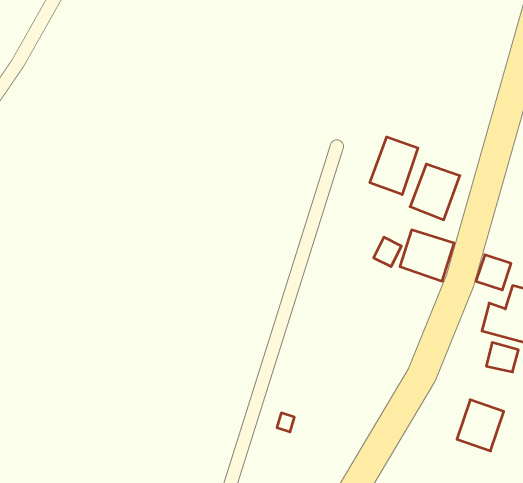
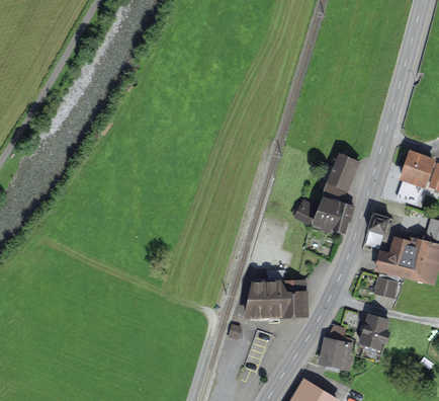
building: [370,137,418,195] -> none
building: none -> [253,284,305,315]
building: none -> [325,340,353,368]

